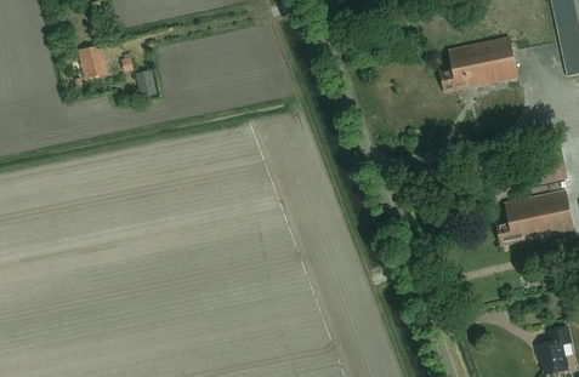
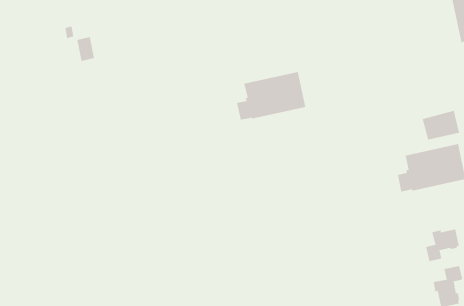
building: [439,36,518,91] -> [236,72,306,120]
building: [78,46,108,79] -> none
building: none -> [425,228,460,262]

